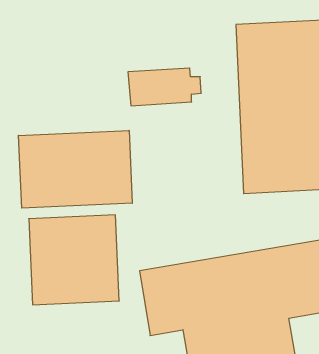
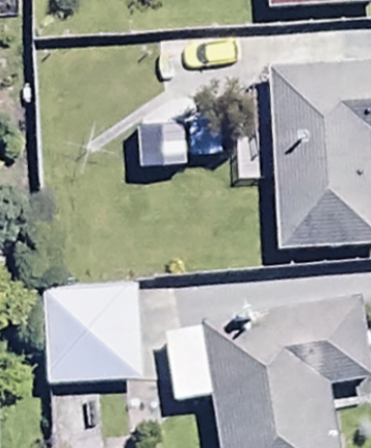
building: [18,130,132,208] -> none

